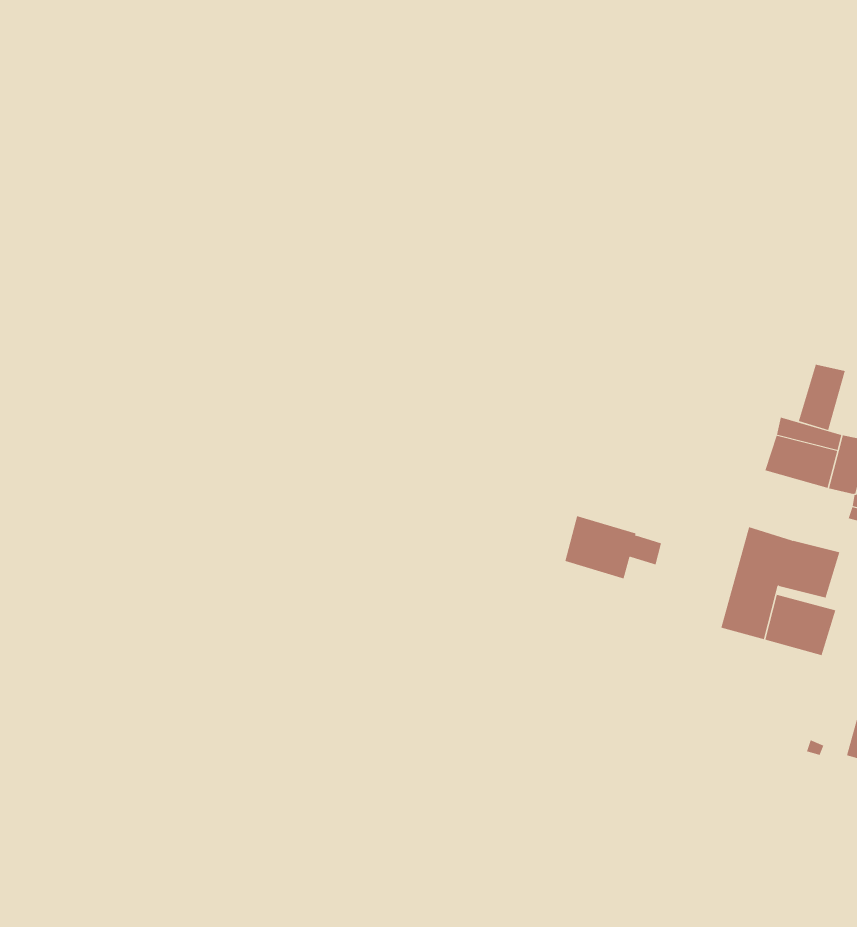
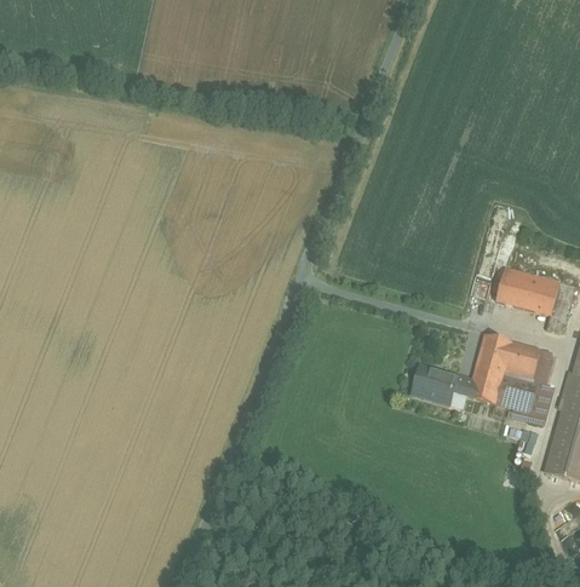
building: [798,364,846,431] -> none
building: [564,515,662,579] -> [414,364,473,403]

